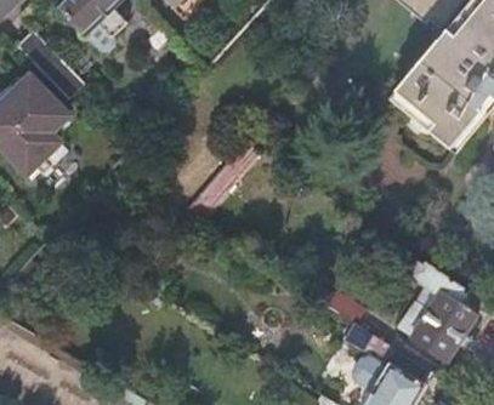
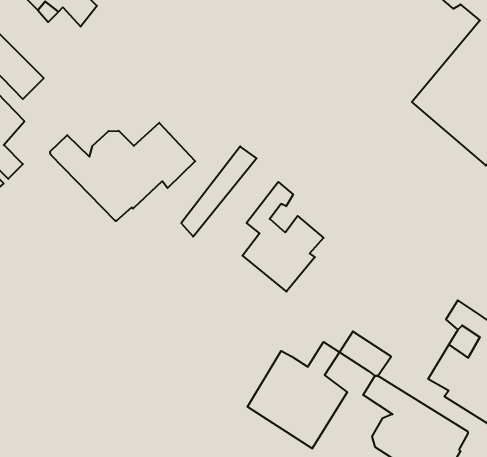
building: none -> [50,123,195,221]
building: none -> [242,182,324,292]
building: none -> [248,342,347,449]

